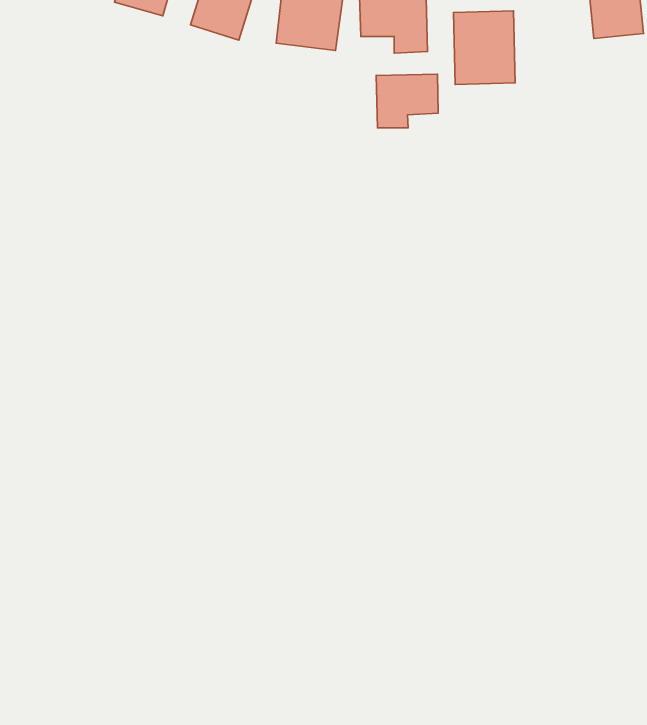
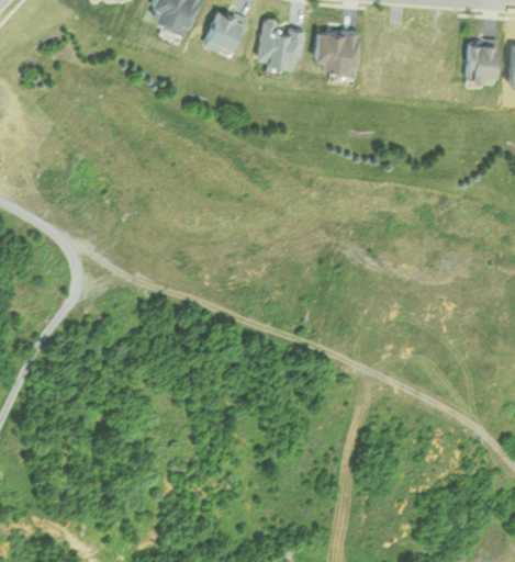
building: [453,11,515,85] -> none
building: [376,74,438,128] -> none

